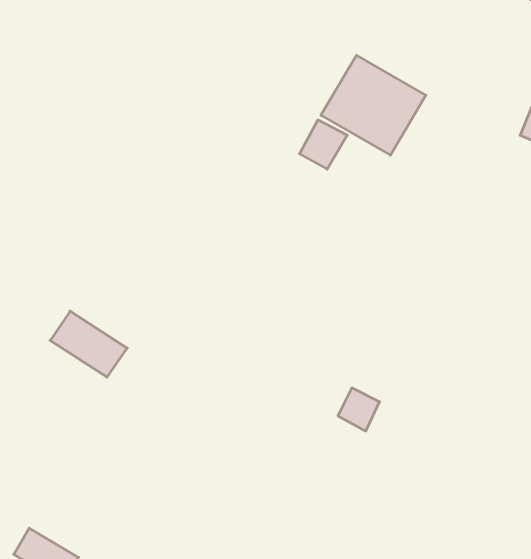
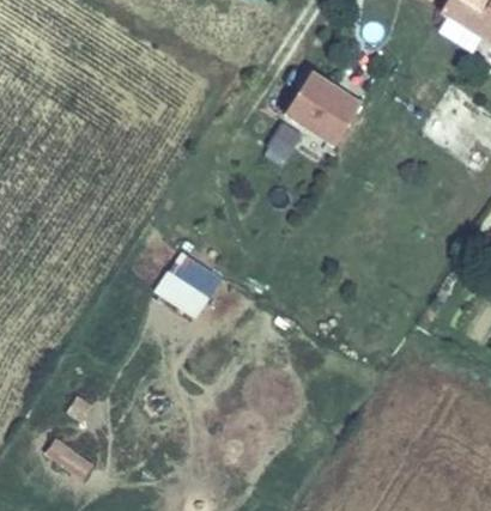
building: [50,311,127,377] -> [154,267,214,318]

